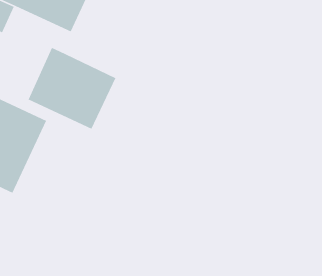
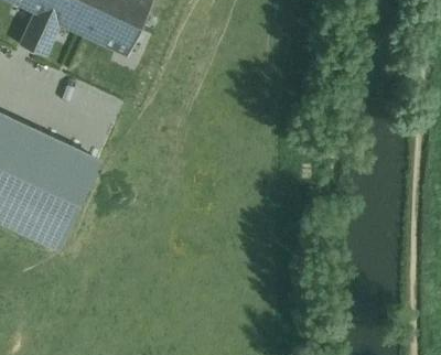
building: [28,47,117,130] -> none

